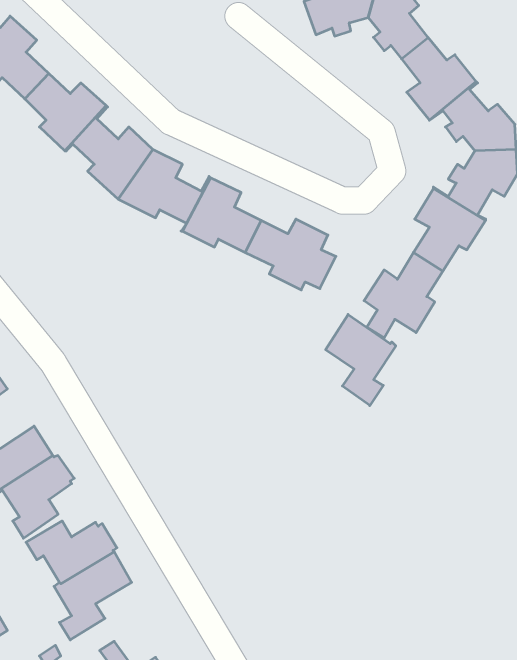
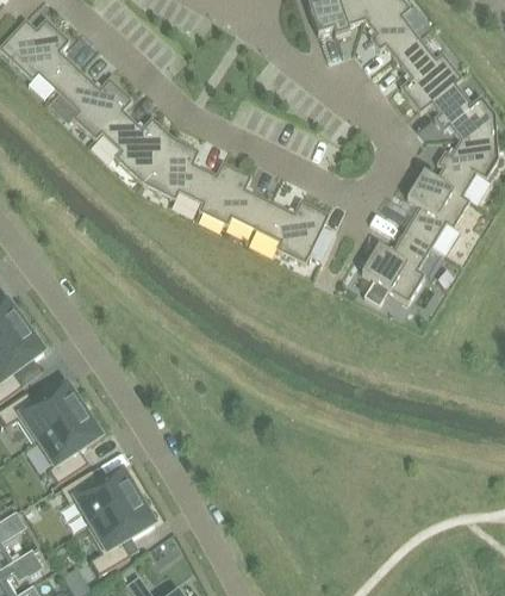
building: [326,314,396,406] -> none

